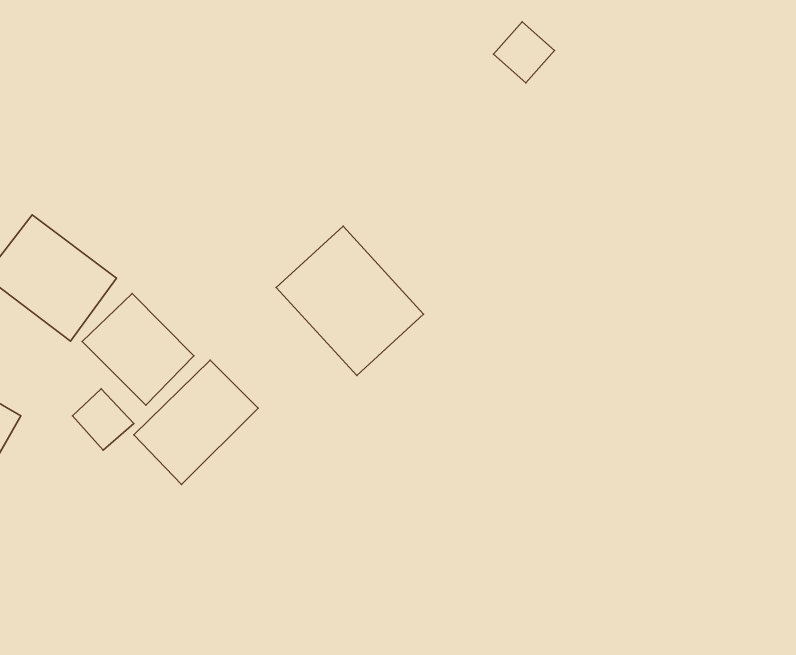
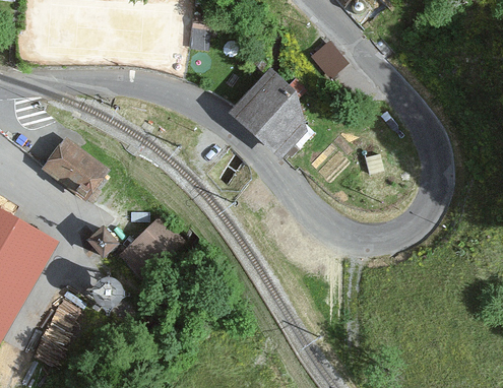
building: [276,226,424,375] -> [231,69,309,148]
building: [82,294,194,405] -> none

